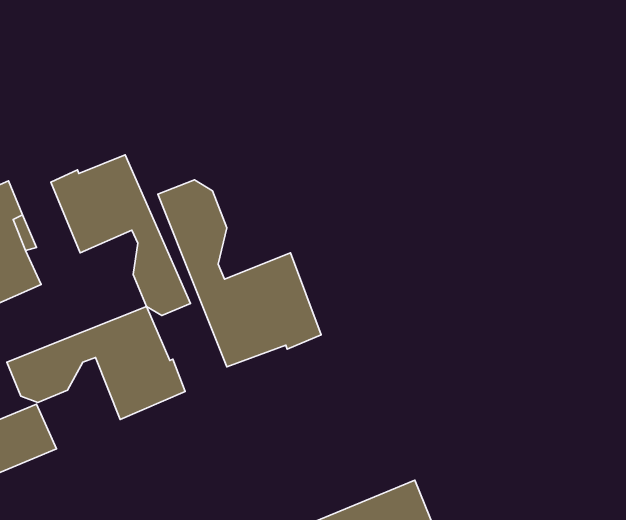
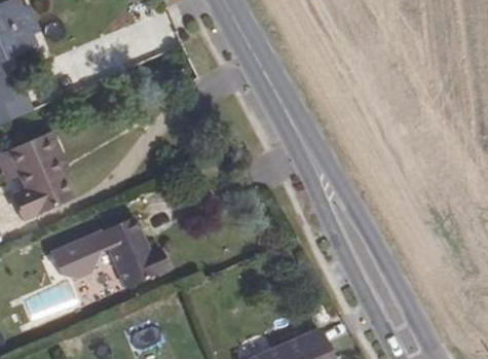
building: [51,155,190,316] -> none
building: [158,180,321,367] -> none

